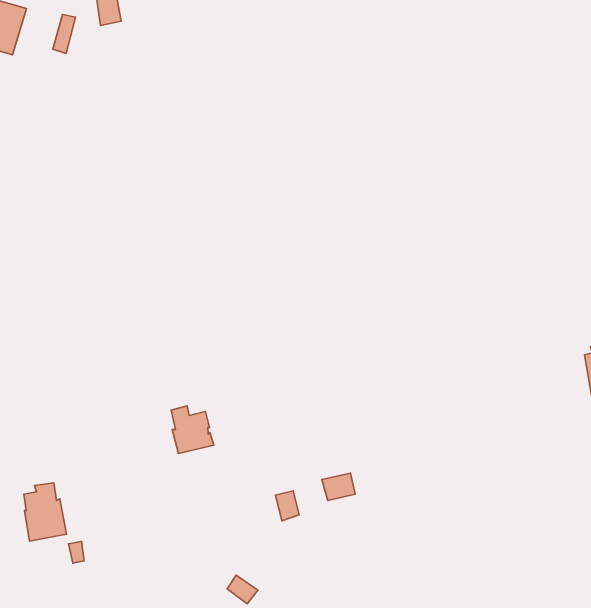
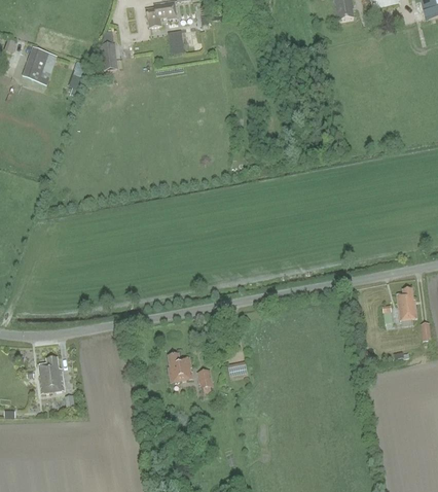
building: [171,406,214,454] -> [168,352,193,382]

